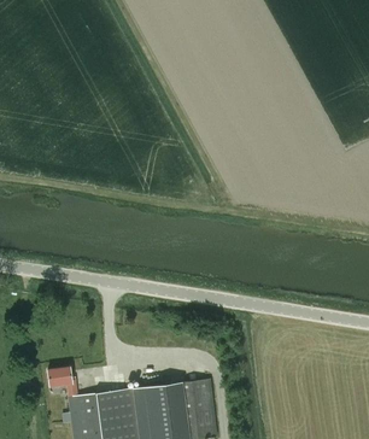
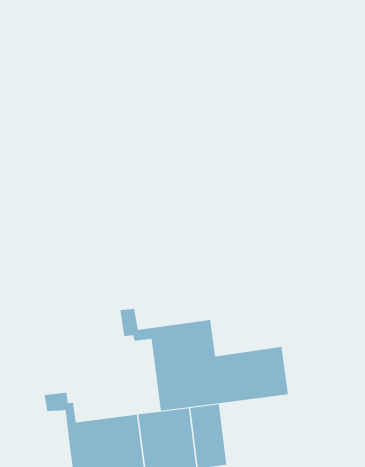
building: none -> [120,308,288,411]

